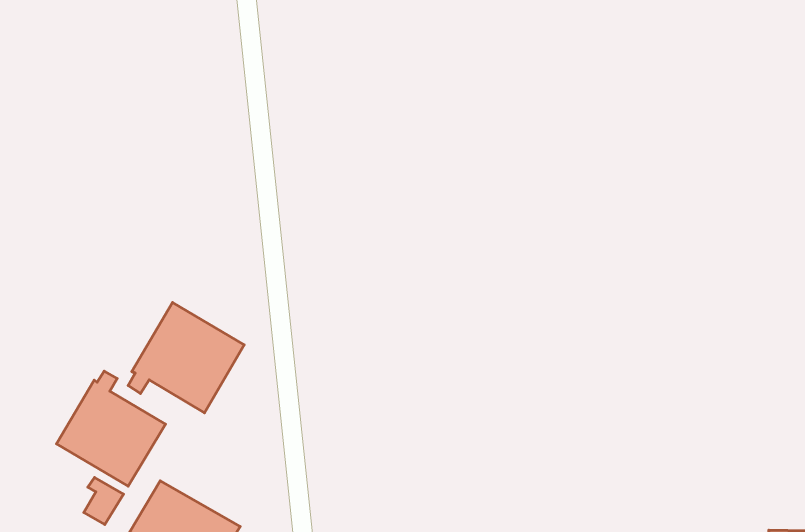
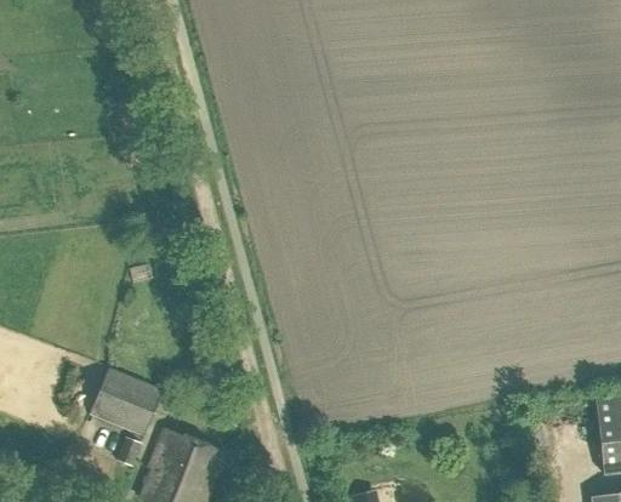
building: [128,303,244,413] -> none

